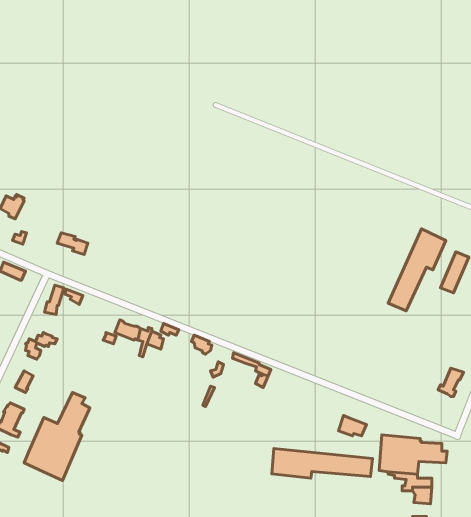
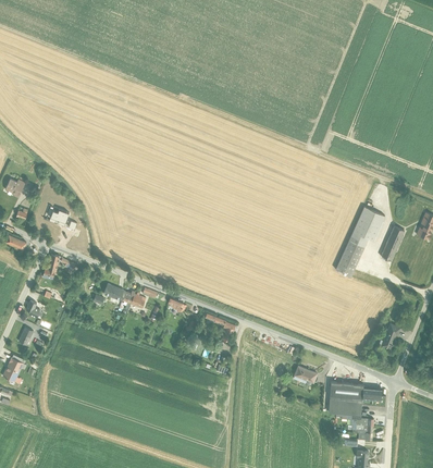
building: [24,393,90,481] -> none
building: [272,448,373,478] -> none

